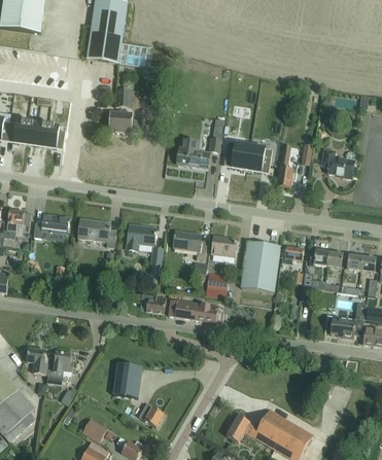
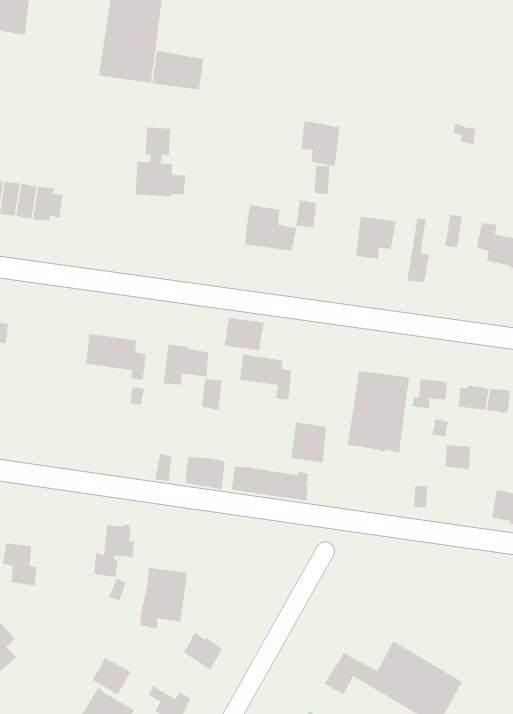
building: [224,141,249,170] -> [301,121,340,167]
building: [33,214,69,238] -> none
building: [211,236,237,256] -> [223,318,265,351]
building: [47,351,73,384] -> [93,525,135,578]

